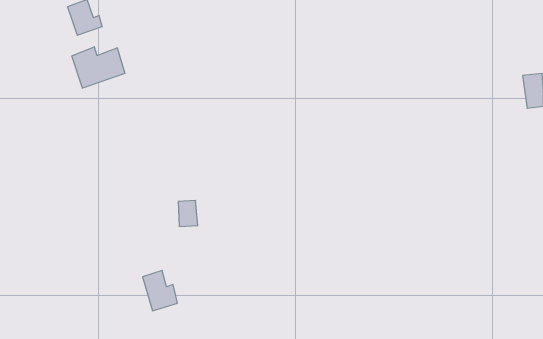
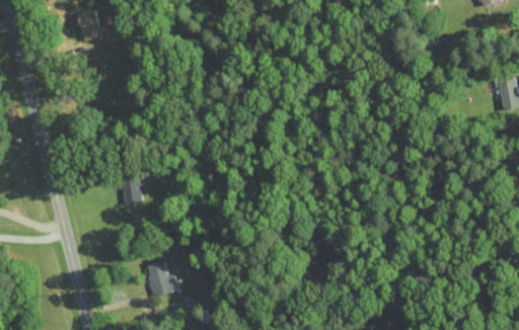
building: [72,47,125,88] -> none
building: [178,200,198,226] -> [123,178,141,202]

